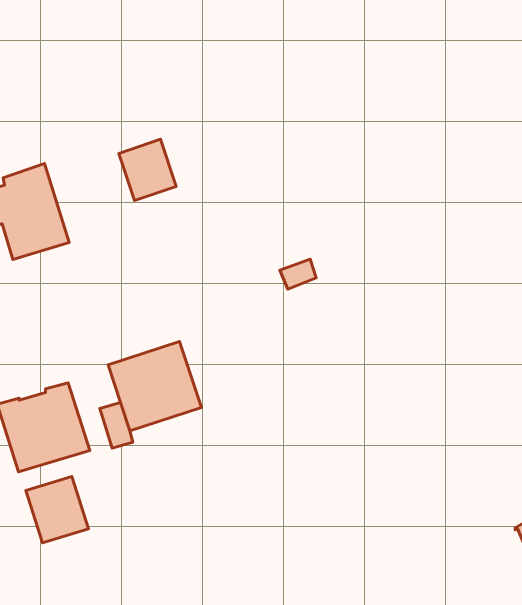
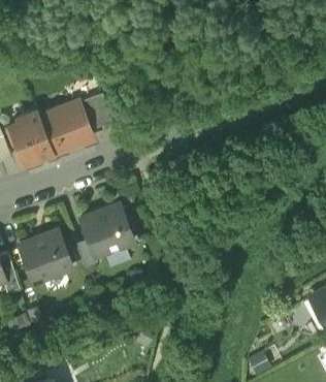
building: none -> [40,101,93,153]
building: [26,476,88,543] -> none

